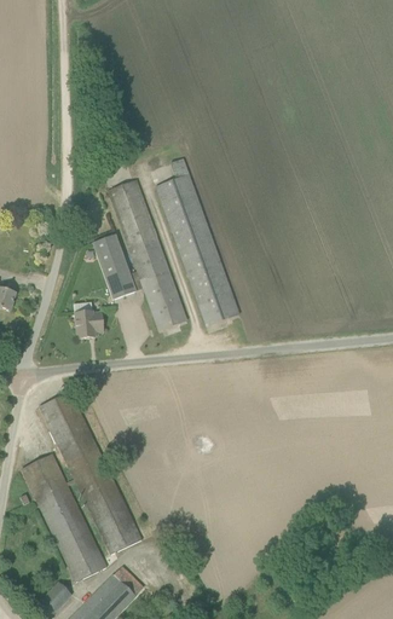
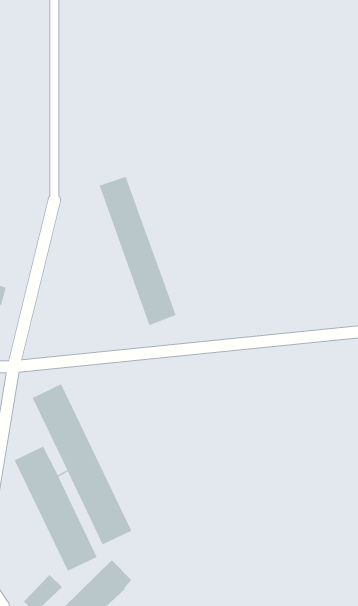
building: [156,160,238,326] -> none
building: [92,235,135,300] -> none
building: [74,312,103,339] -> none

